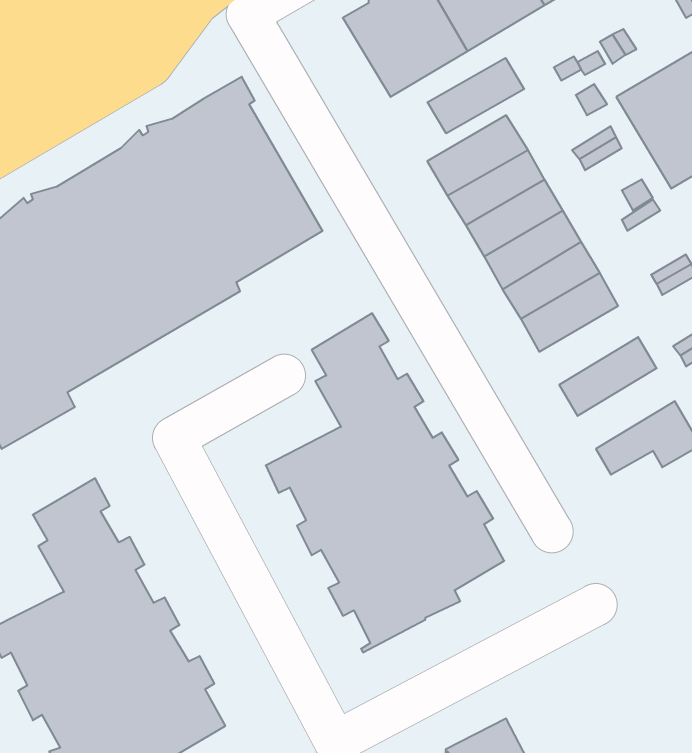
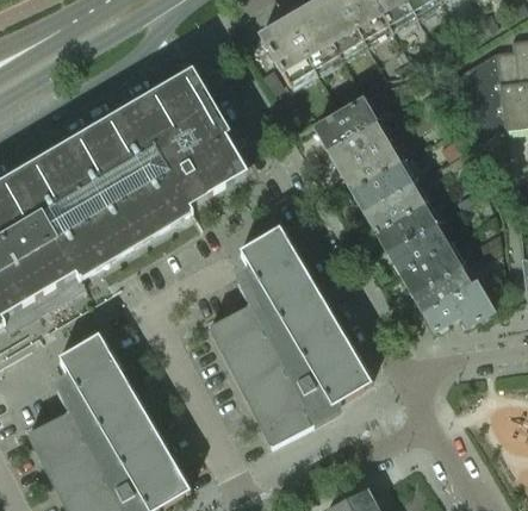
building: [428,58,524,133] -> none
building: none -> [386,219,451,270]
building: none -> [411,260,474,312]

